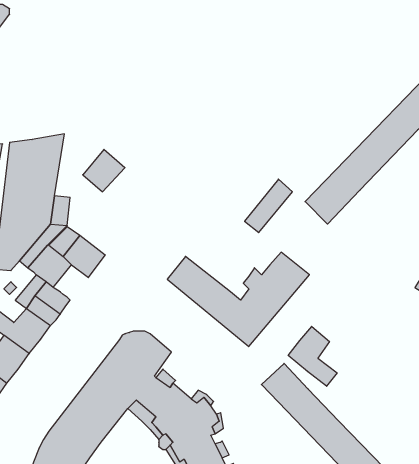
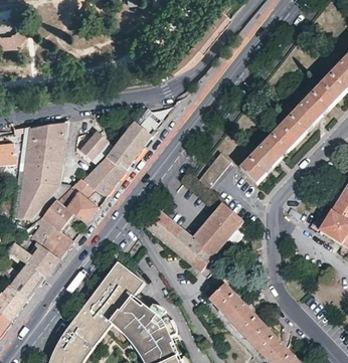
building: none -> [81,122,155,195]
building: [288,326,337,386] -> none

